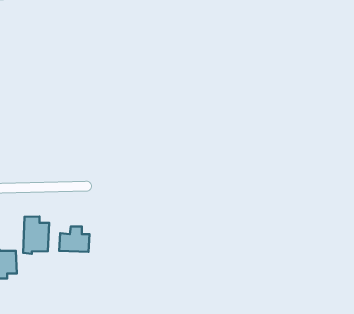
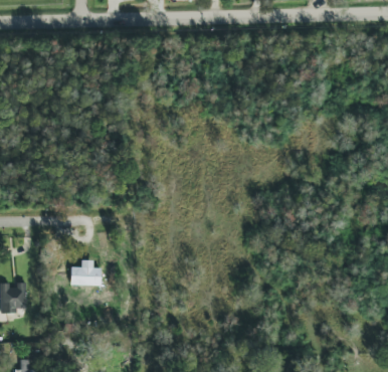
building: [23,217,49,254] -> none

